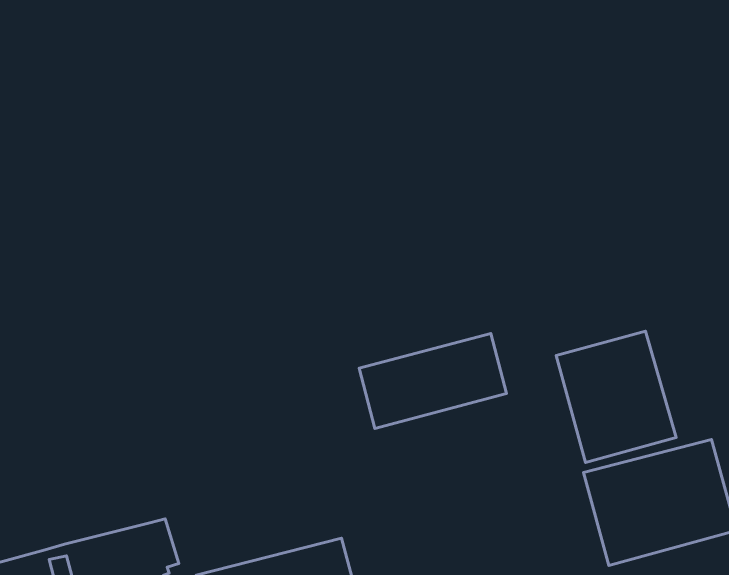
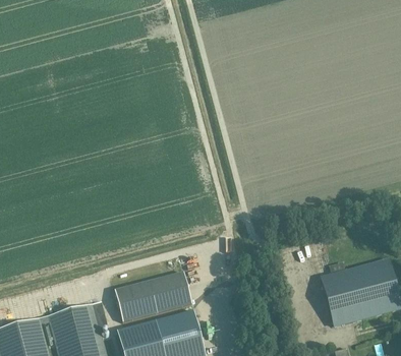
building: [556,331,676,462] -> none
building: [359,333,506,428] -> [113,271,190,320]

